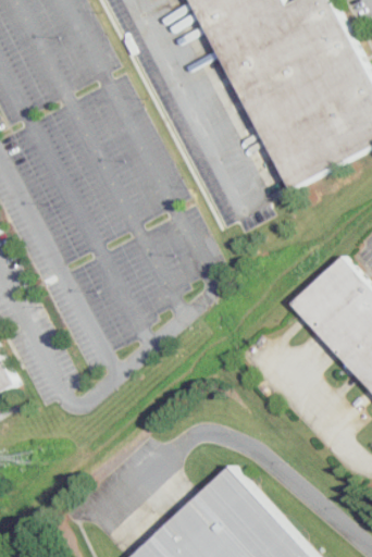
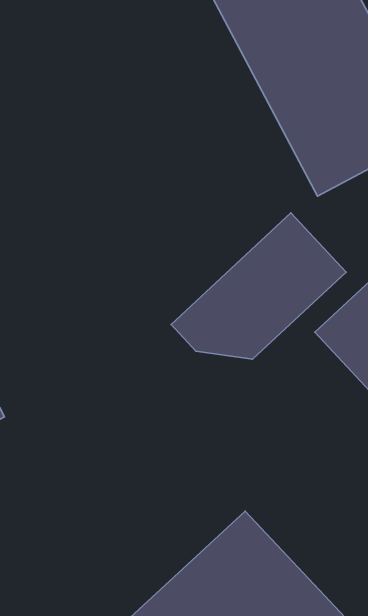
building: none -> [171,213,346,359]

